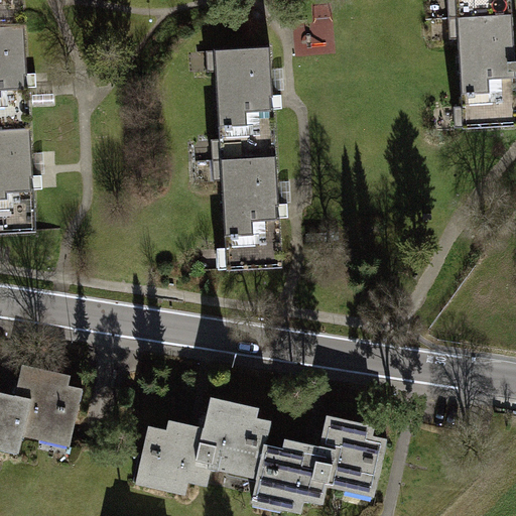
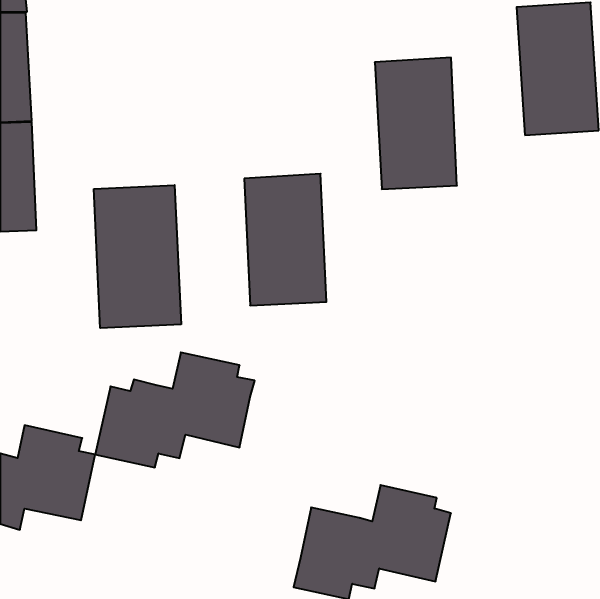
building: [204,39,274,152] -> [375,58,457,189]
building: none -> [94,185,181,328]
building: [134,397,271,496] -> [95,352,255,467]

